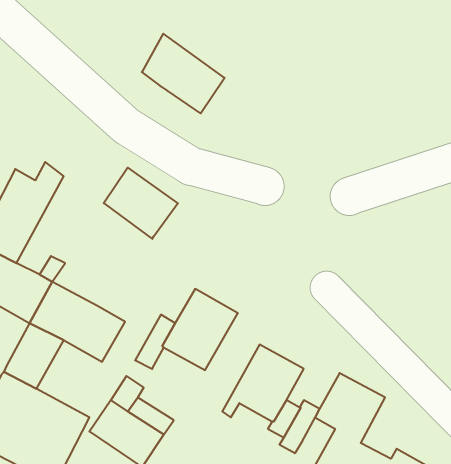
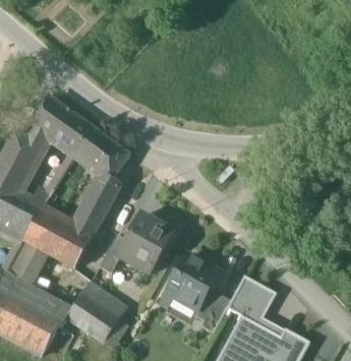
building: [142,34,225,113] -> [35,97,94,154]
building: none -> [72,173,121,238]

